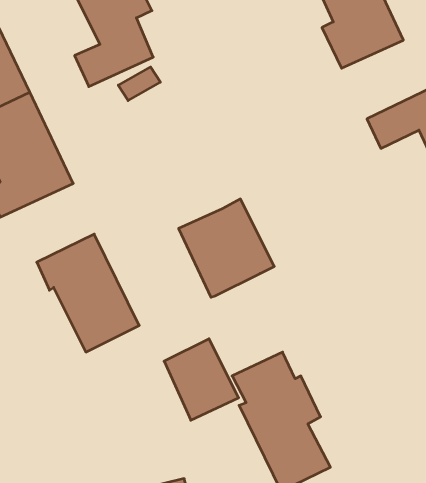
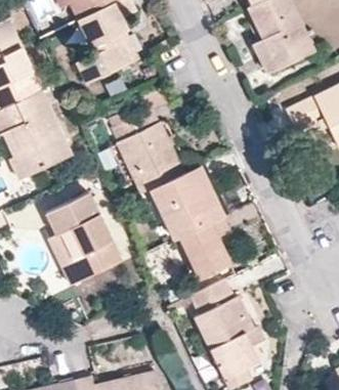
building: none -> [111,111,182,191]
building: [164,339,239,420] -> [177,221,231,280]

